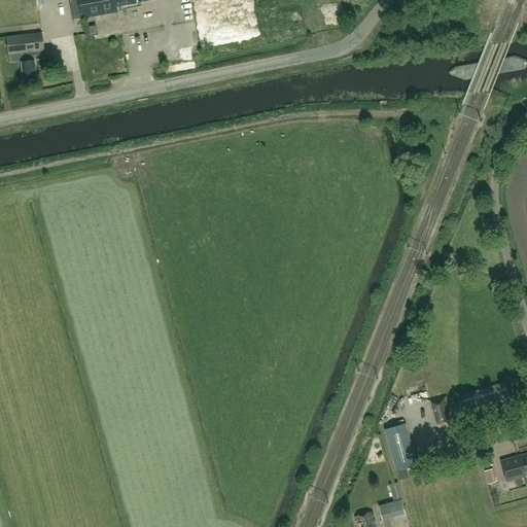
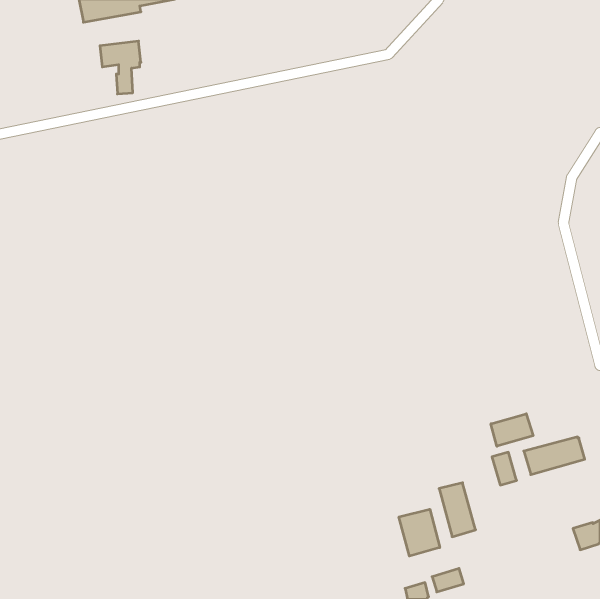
building: [6,32,42,78] -> [100,41,141,94]
building: none -> [491,414,533,446]
building: none -> [399,509,440,556]

